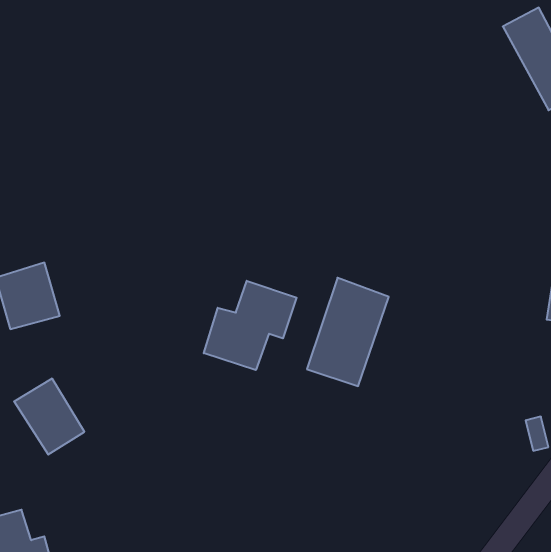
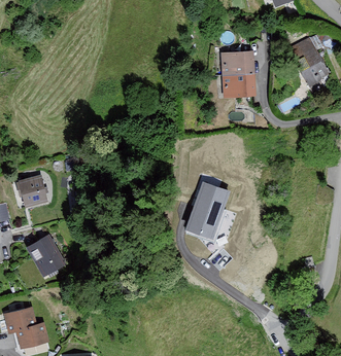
building: none -> [220,49,258,99]
building: [204,281,297,370] -> none

